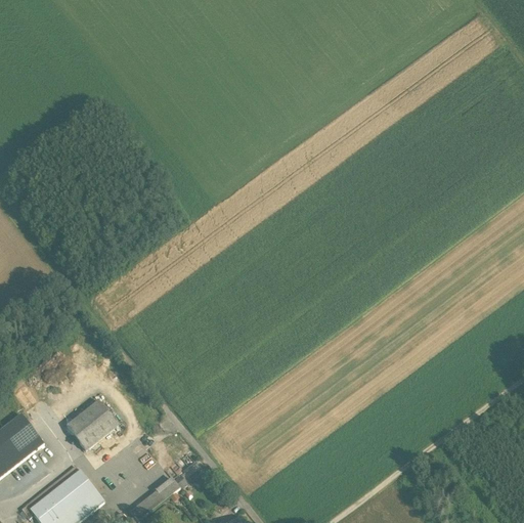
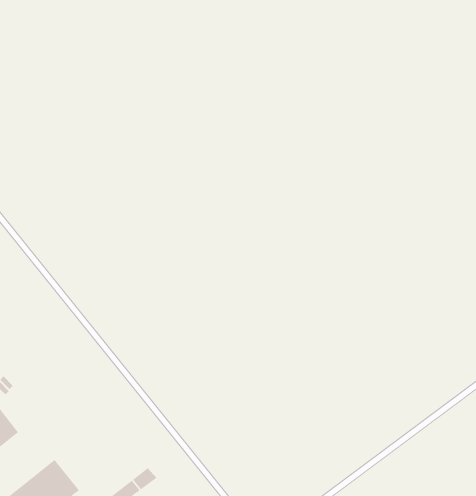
building: [66,399,118,449] -> none

